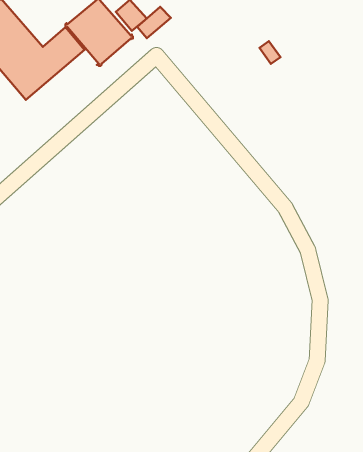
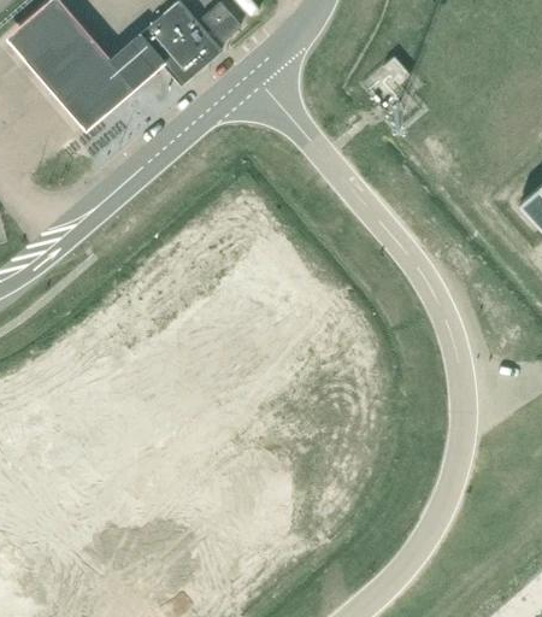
building: [137,7,171,38] -> none

